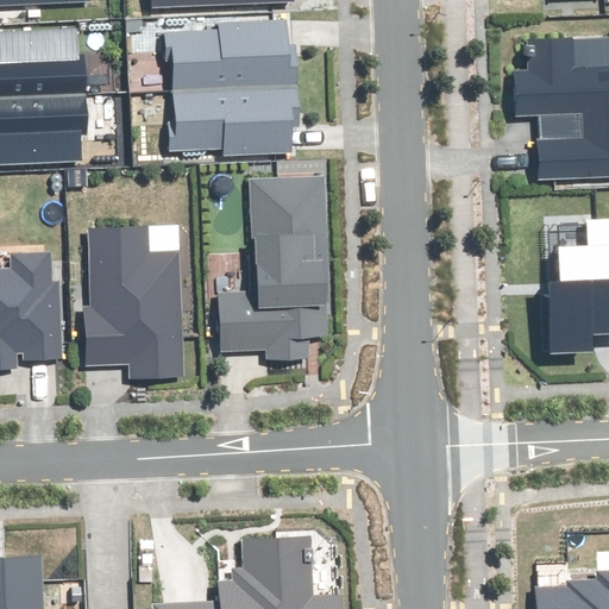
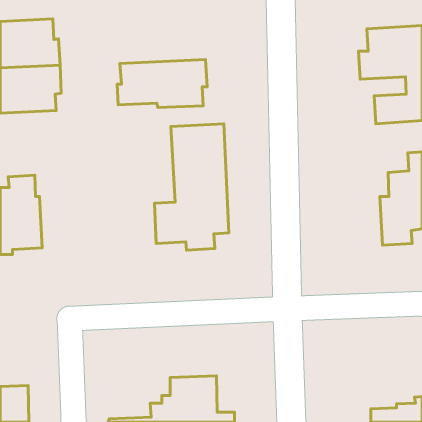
building: [167,20,296,92] -> none
building: [87,227,183,378] -> none

